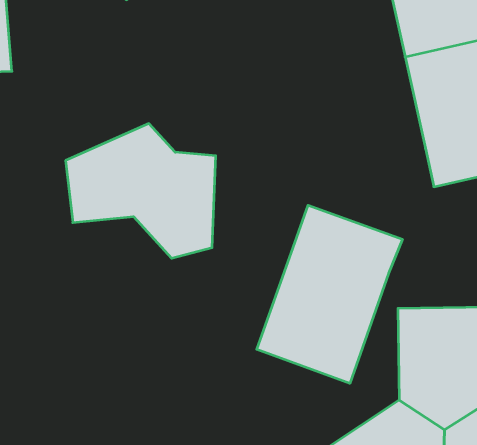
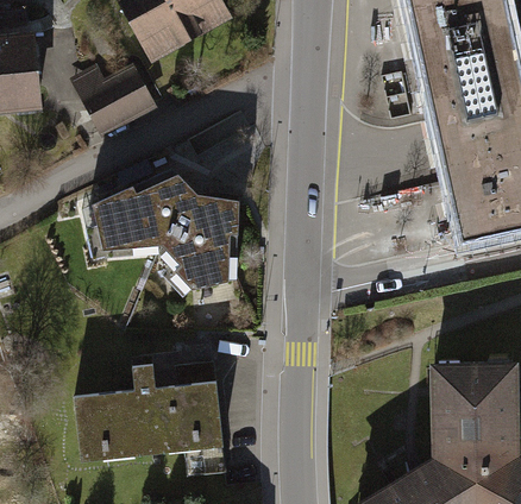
building: none -> [69,63,162,144]
building: [257,205,402,383] -> none
building: none -> [75,366,224,471]

